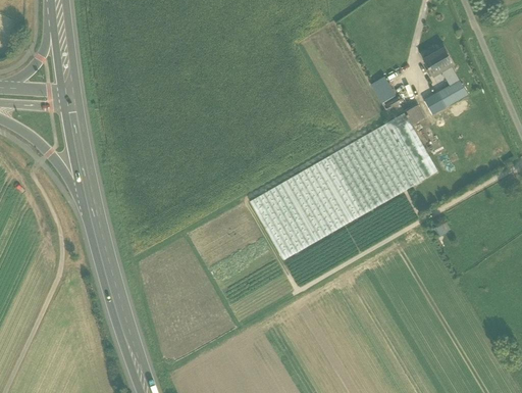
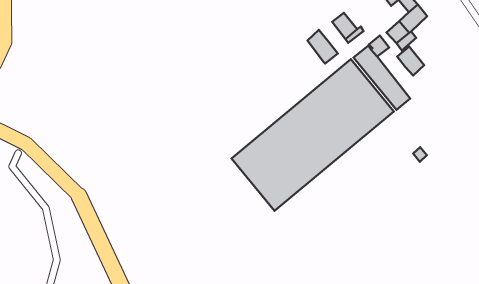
building: none -> [307,30,338,64]
building: none -> [397,46,424,76]

